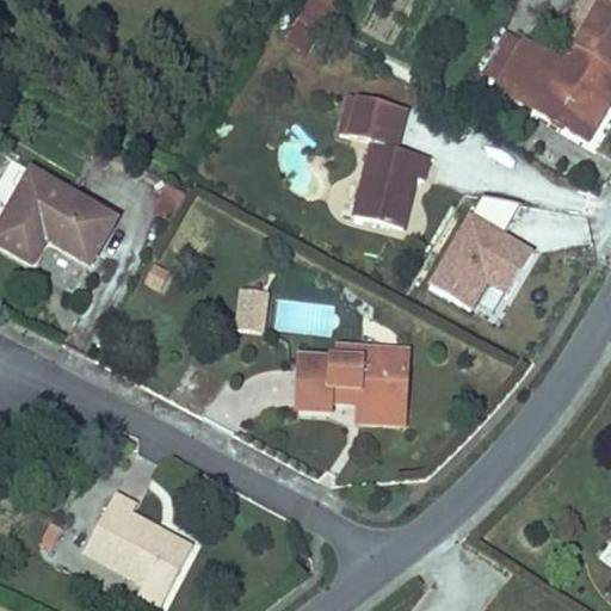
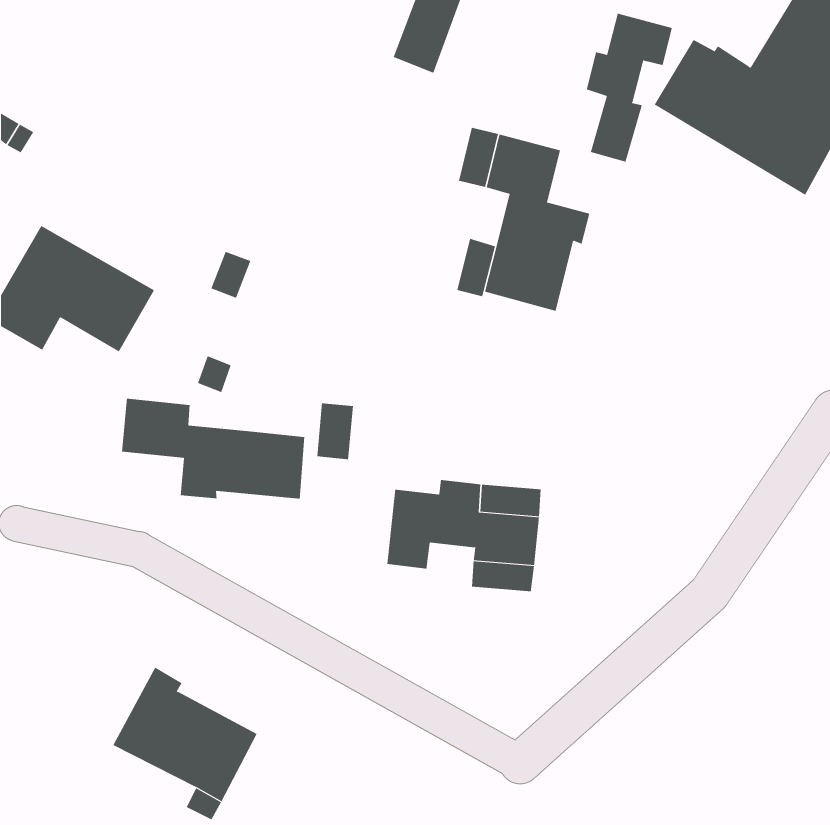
building: none -> [586,13,673,162]
building: [432,185,541,321] -> none
building: none -> [121,398,305,500]

